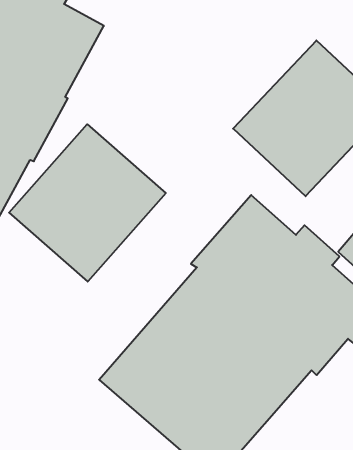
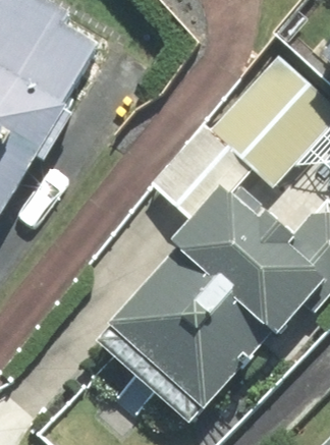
building: [9,124,166,282] -> none

